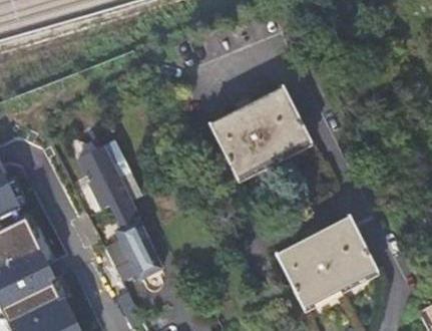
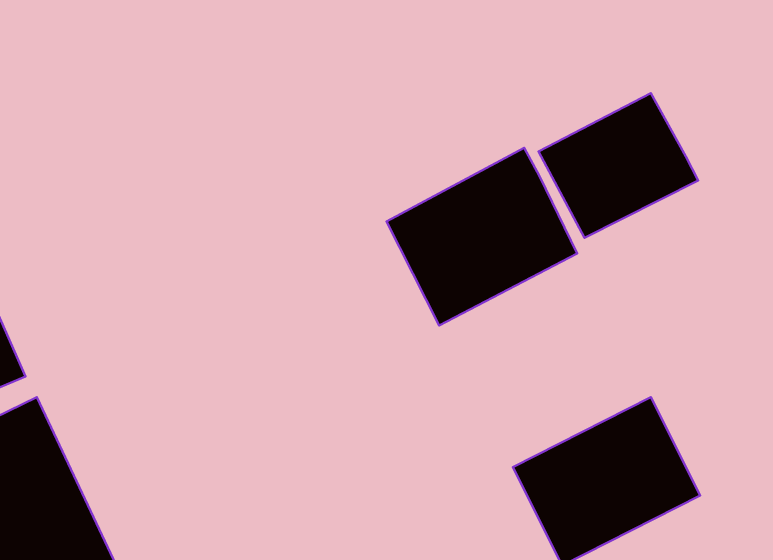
building: none -> [539,93,698,238]
building: [69,137,162,279] -> none

